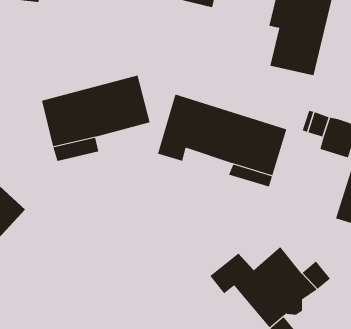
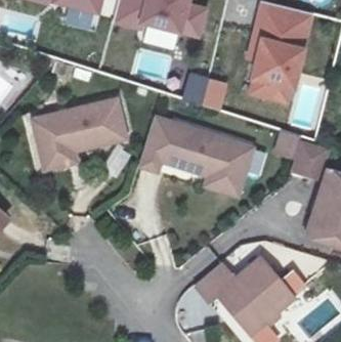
building: none -> [183,73,224,108]

